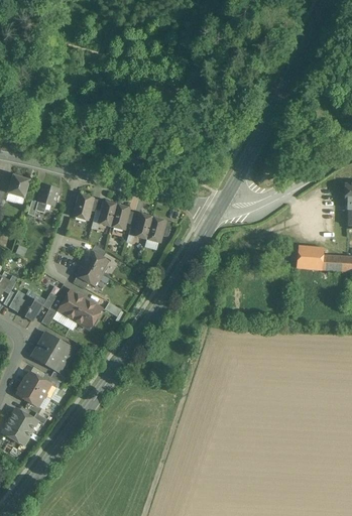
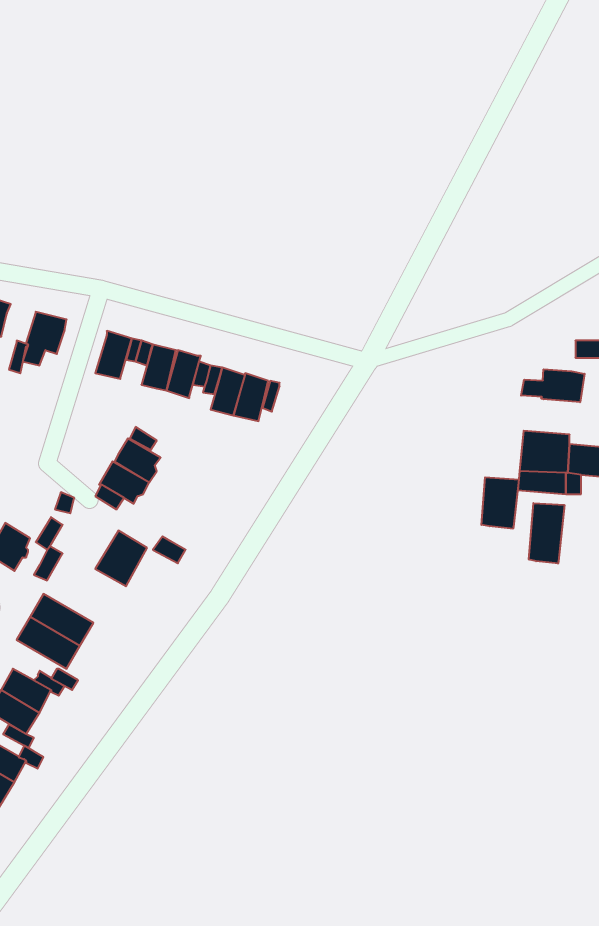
building: none -> [521,369,585,402]
building: none -> [481,477,519,529]
building: none -> [529,503,564,564]
building: [57,289,85,318] -> none

